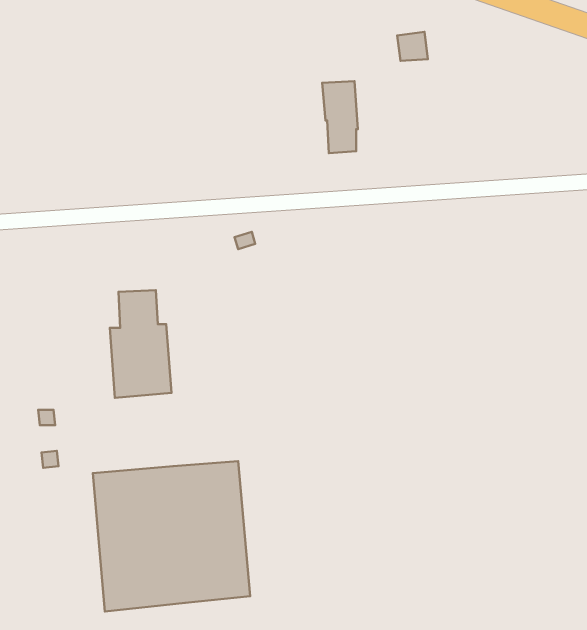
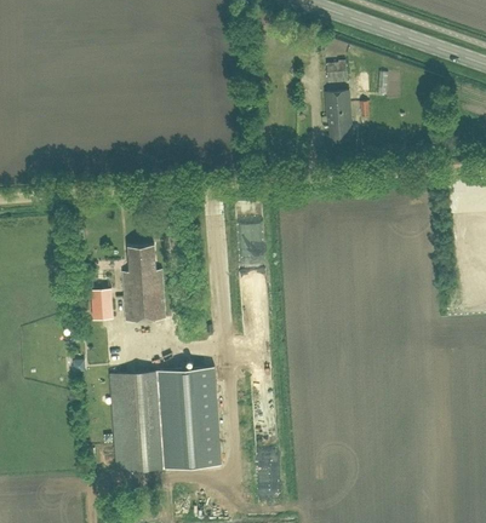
building: [322,81,358,153] -> [326,91,351,142]
building: none -> [92,285,112,318]

